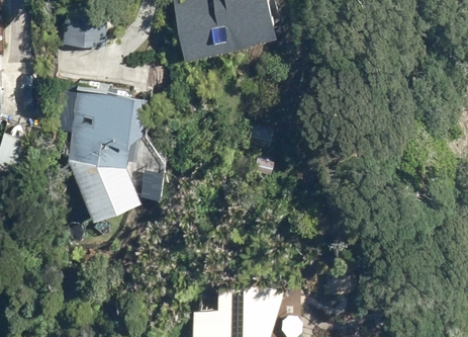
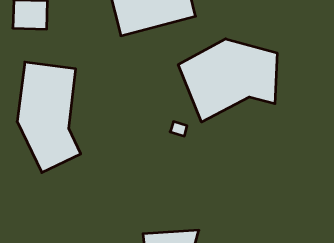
building: none -> [178,39,277,122]

